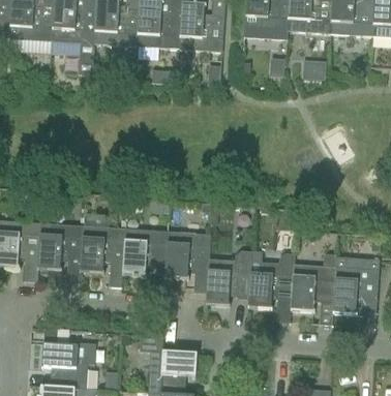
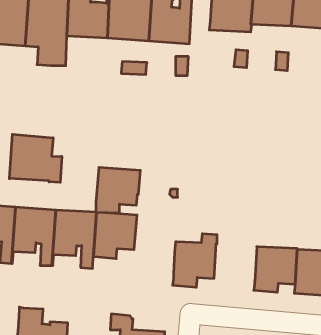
building: none -> [9,134,62,182]
building: [164,231,211,278] -> [96,167,140,213]
building: [247,250,295,308] -> none

